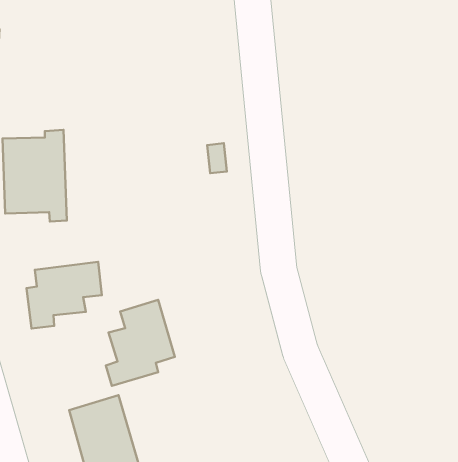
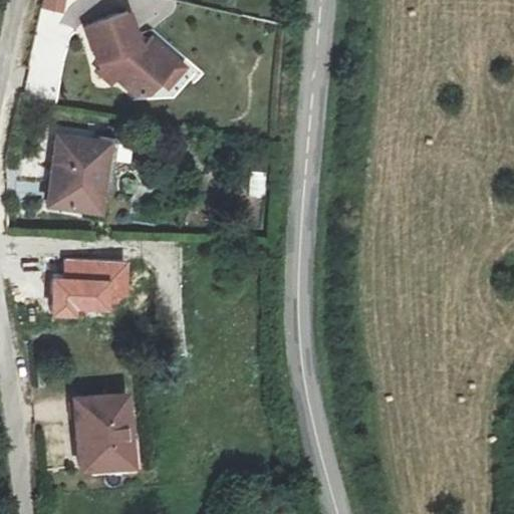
building: none -> [87,15,186,95]
building: [106,300,175,386] -> none

